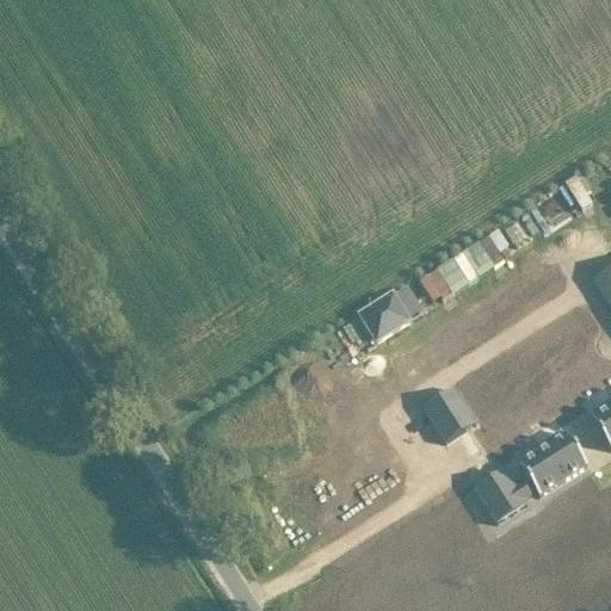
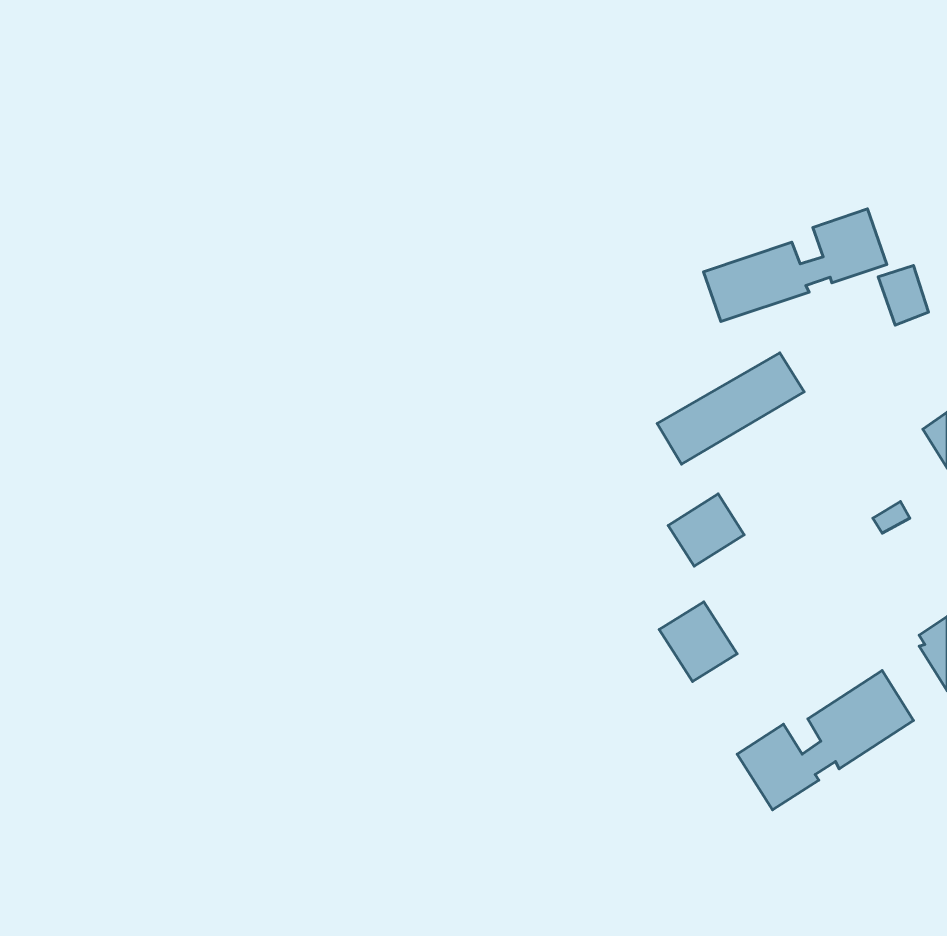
building: none -> [704,209,887,322]
building: [360,291,409,338] -> [668,494,744,566]

